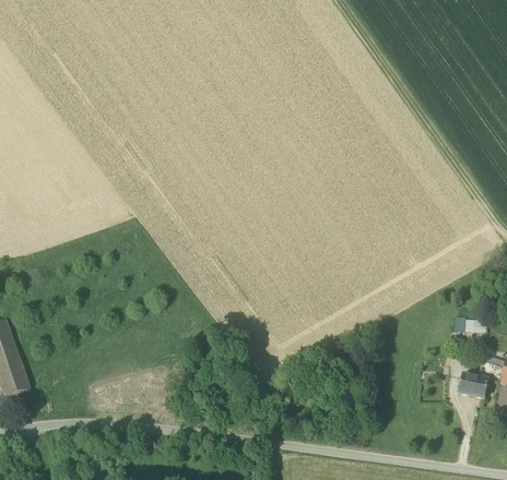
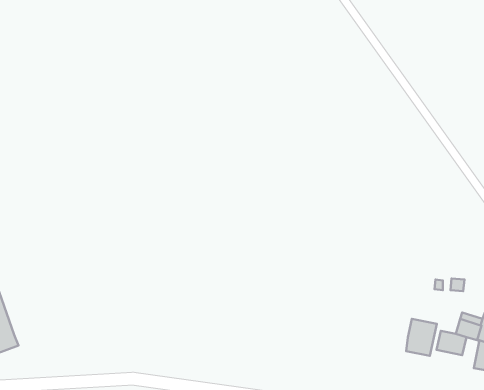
building: none -> [406,319,437,356]

